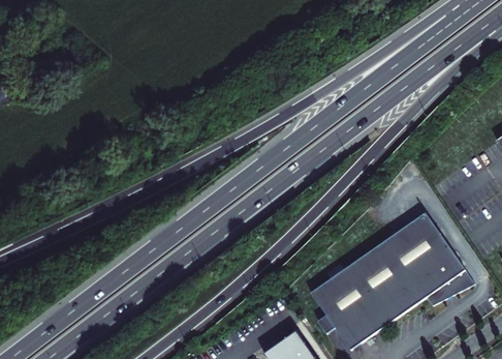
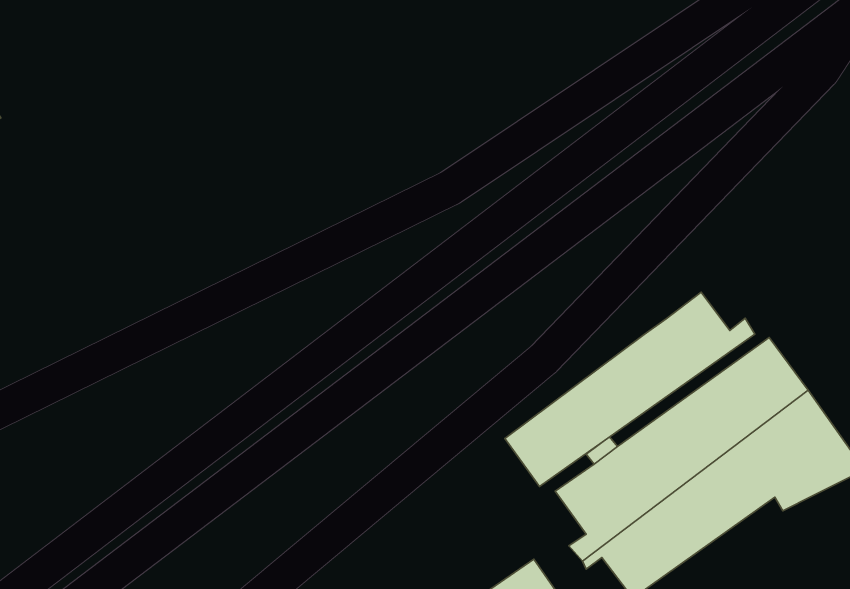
building: none -> [505,292,755,486]

